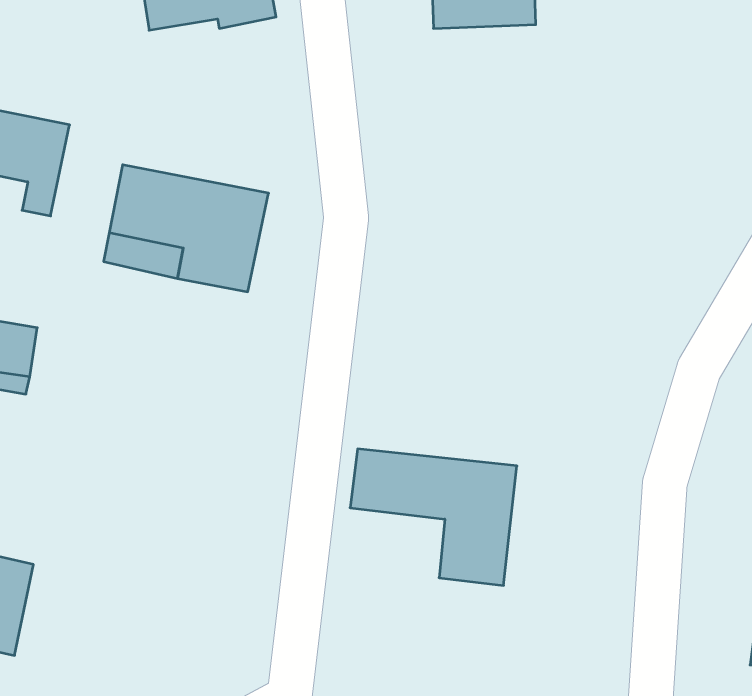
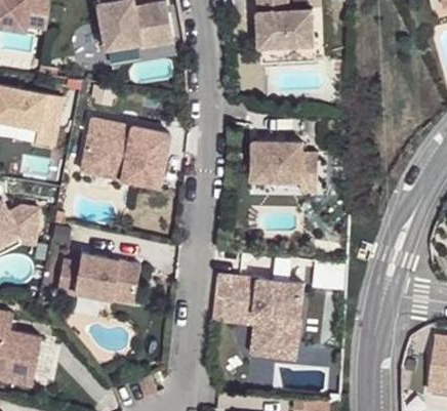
building: none -> [251,140,317,191]
building: none -> [55,252,138,302]
building: none -> [212,306,296,359]

